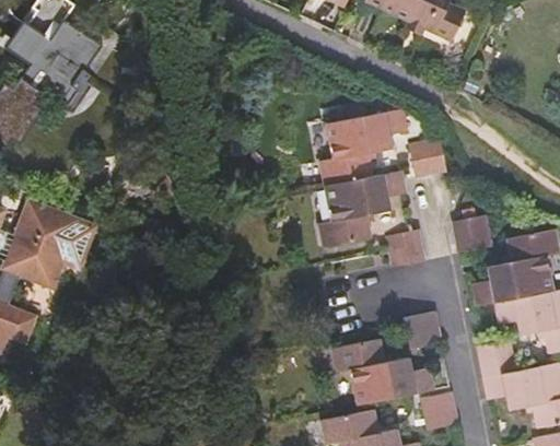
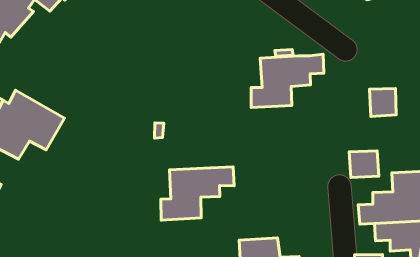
building: [408,139,445,177] -> [369,88,396,116]
building: [318,171,405,248] -> [161,167,234,220]
building: [387,230,424,267] -> none
building: [405,312,441,348] -> none

